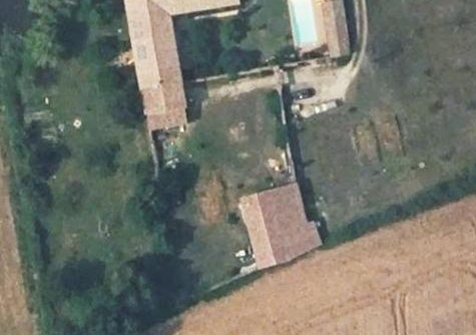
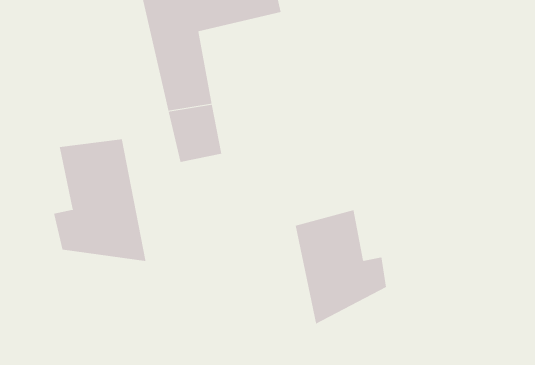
building: none -> [53,138,146,262]

